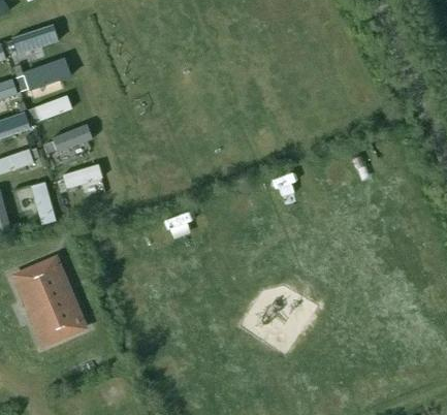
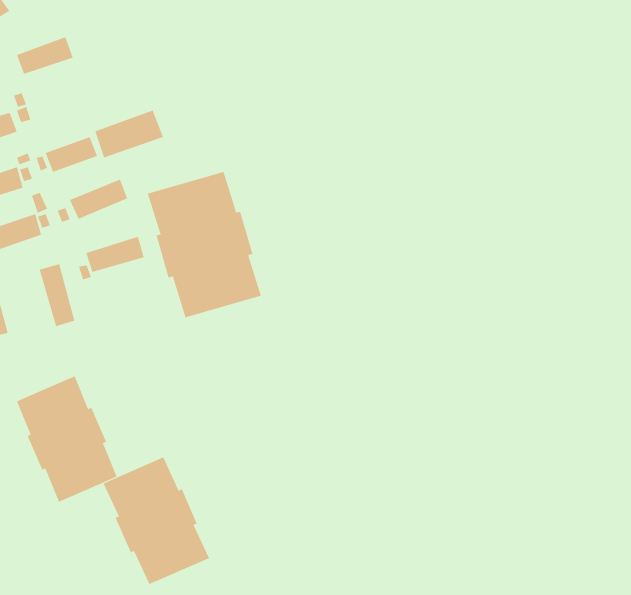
building: [23,58,70,91] -> [94,110,164,158]
building: none -> [147,171,262,318]
building: none -> [103,457,210,585]

